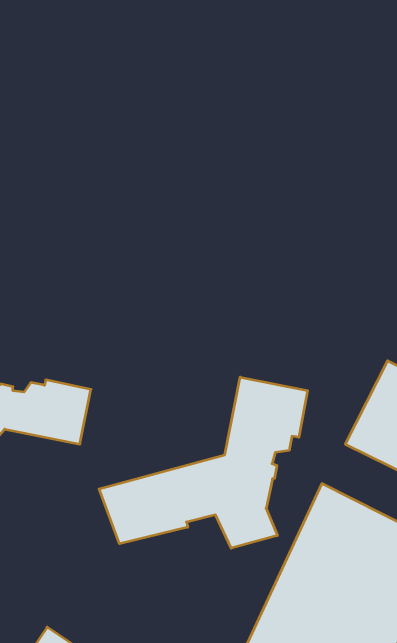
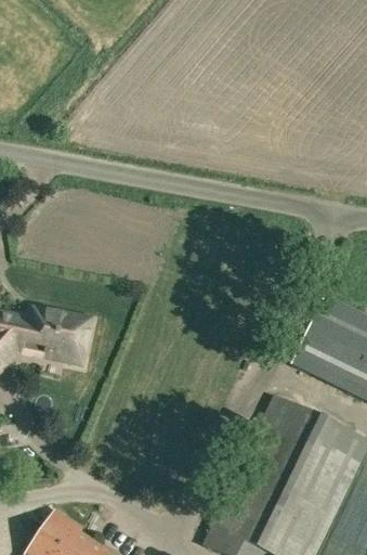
building: [99,377,308,548] -> none

